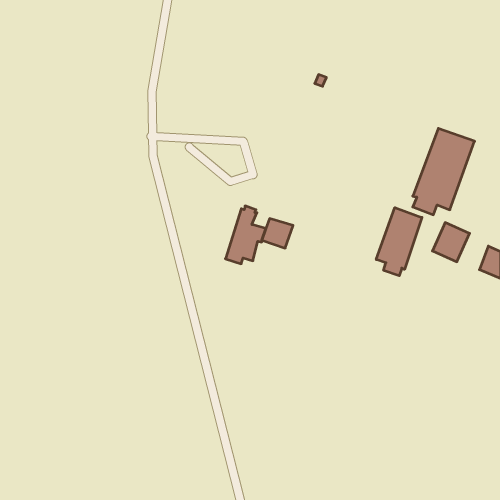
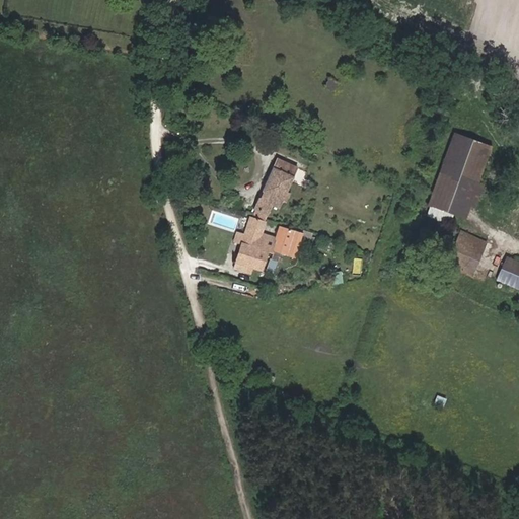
building: none -> [254,157,297,217]
building: [376,208,422,276] -> none

